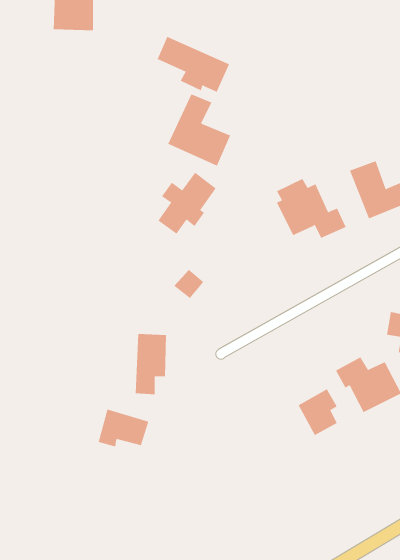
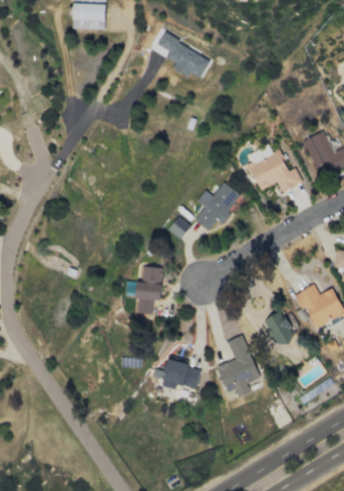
building: [168,93,231,166] -> none
building: [157,172,216,234] -> [194,181,240,230]
building: [98,409,149,447] -> [160,359,201,389]
building: none -> [216,334,260,397]

